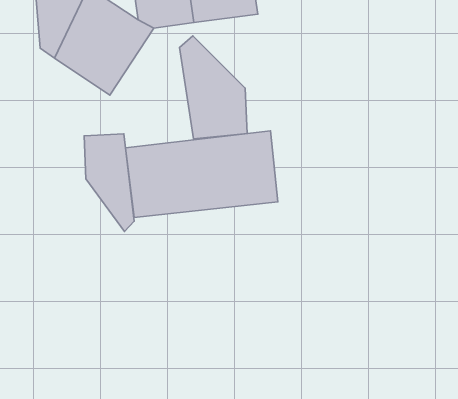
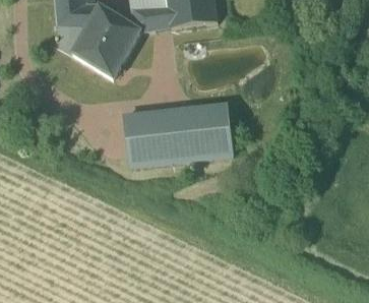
building: [180,36,247,139] -> none
building: [84,134,134,232] -> none

